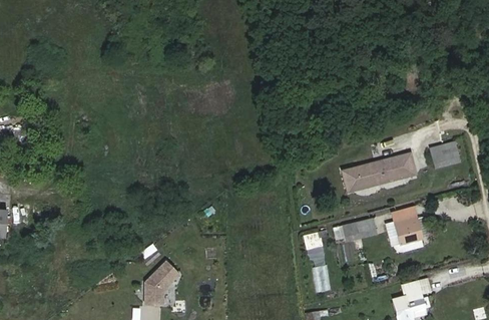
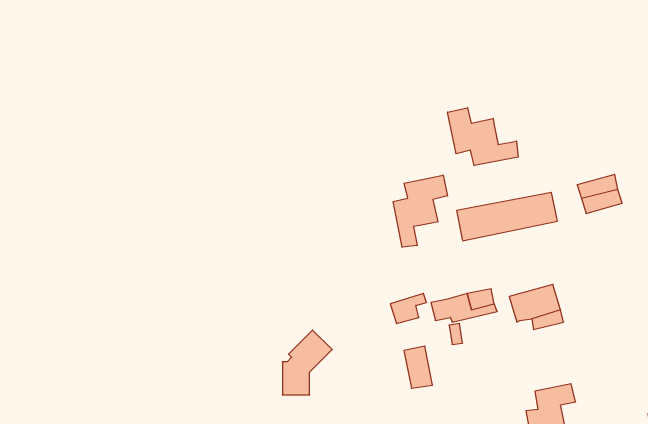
building: none -> [448,108,518,166]
building: none -> [393,175,447,247]
building: [148,256,181,299] -> [282,330,332,395]

